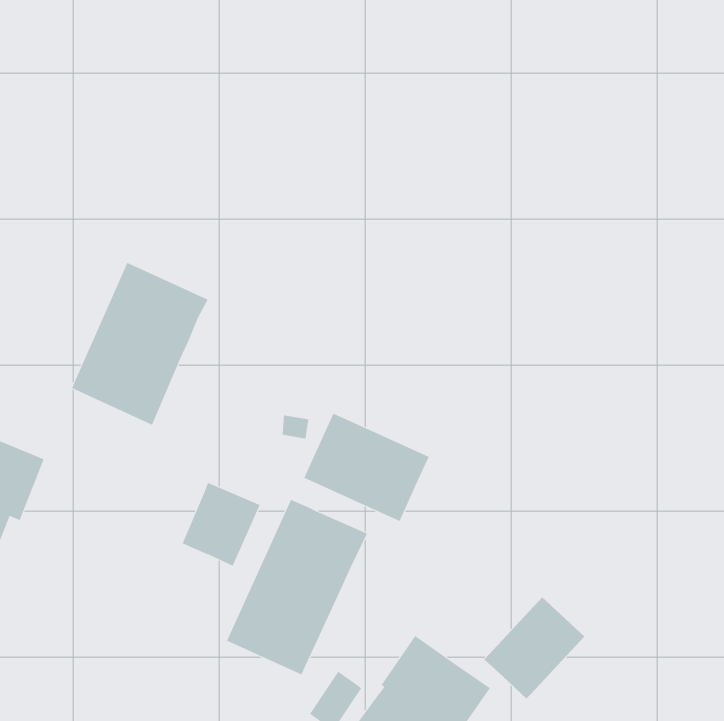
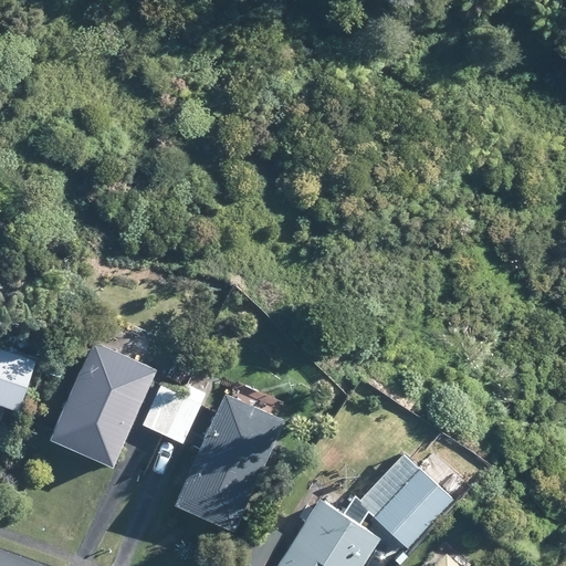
building: [71,262,208,425] -> [50,342,156,468]
building: [304,413,429,522] -> none

